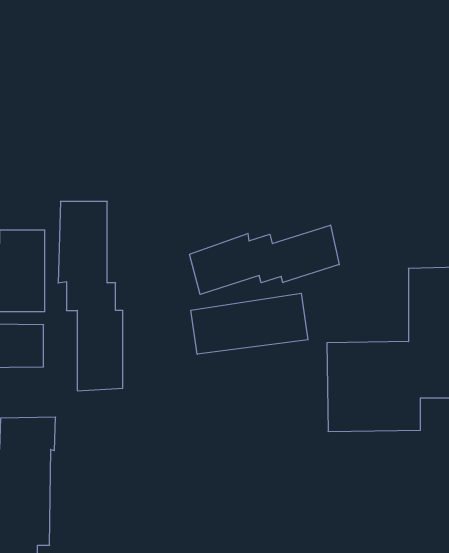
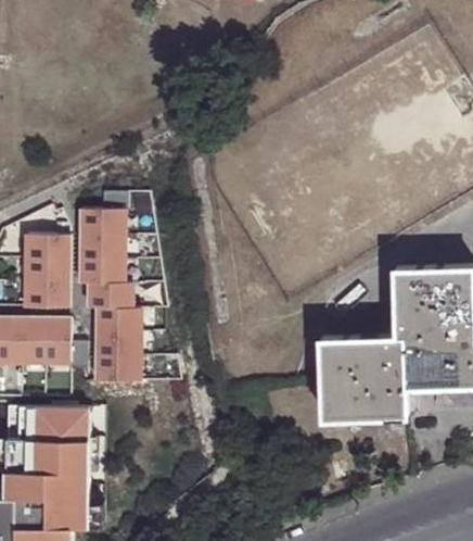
building: [189,225,339,294] -> none
building: [191,293,308,354] -> none

